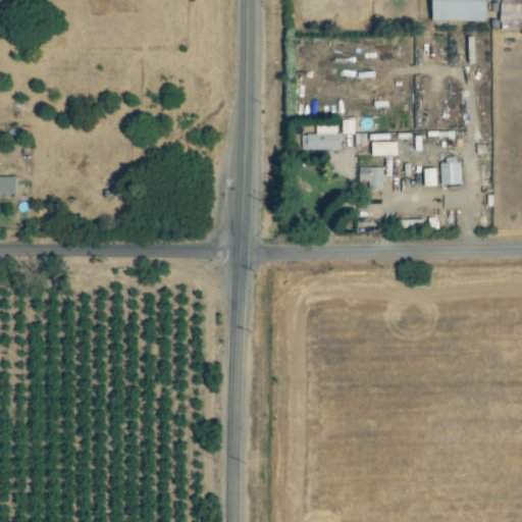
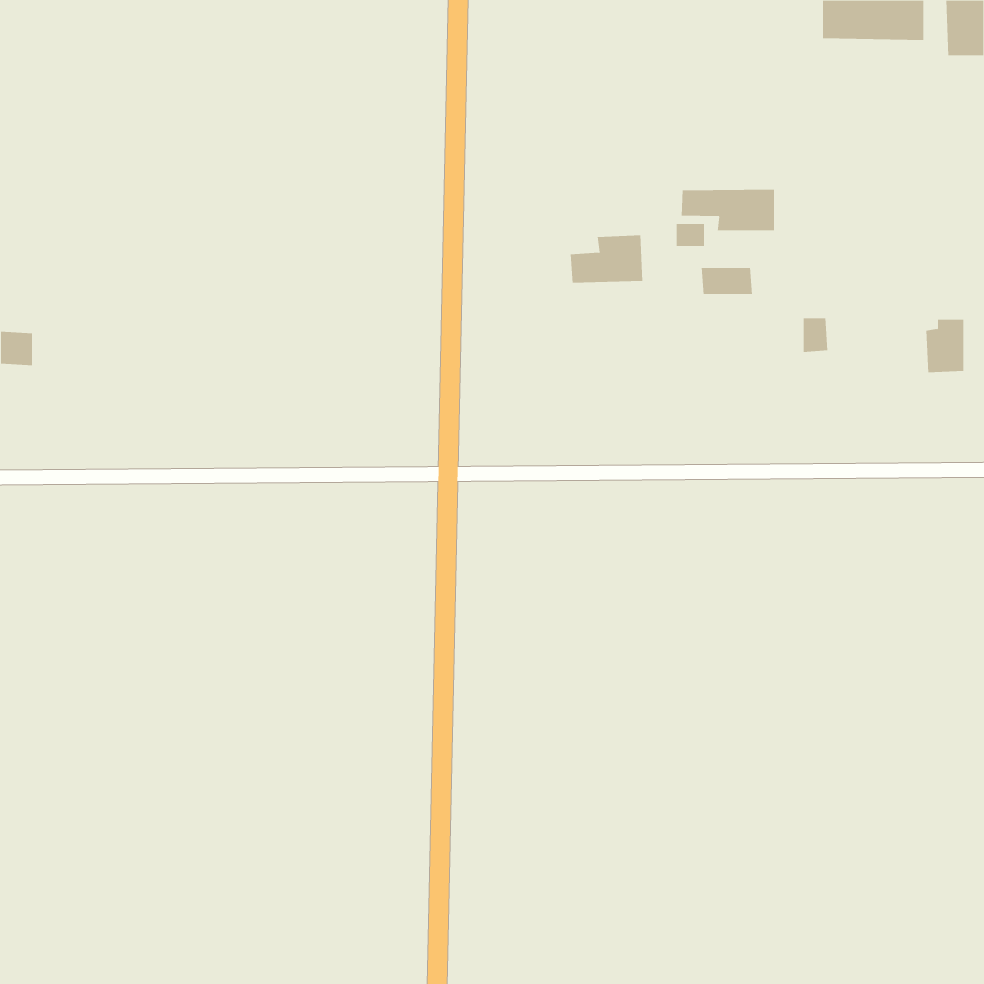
building: none -> [681,189,774,231]
building: [440,157,461,186] -> [926,319,964,373]
building: [359,167,383,189] -> none

